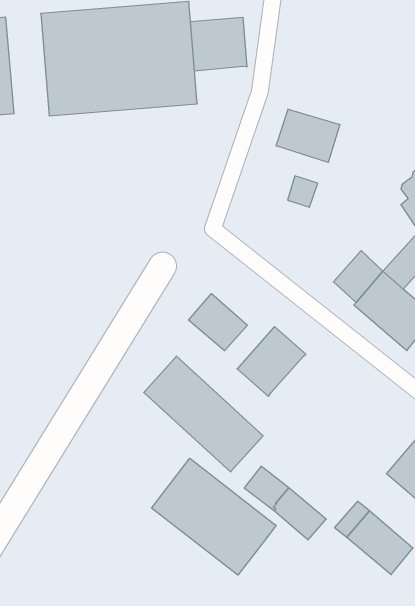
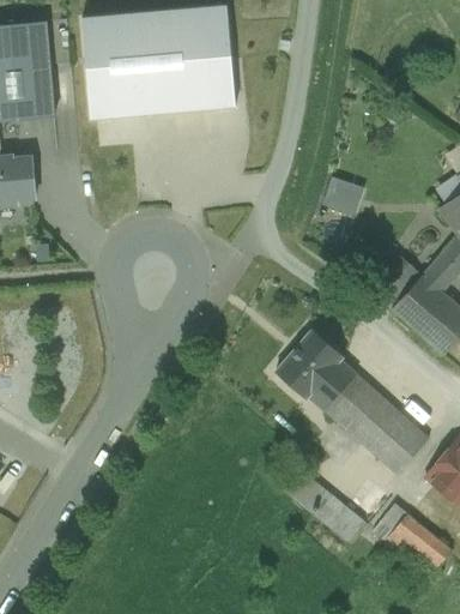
building: [191,17,247,71] -> none
building: [276,109,340,162] -> none
building: [189,294,247,351] -> none
building: [144,356,263,472] -> [309,359,428,474]
building: [152,458,276,575] -> none

